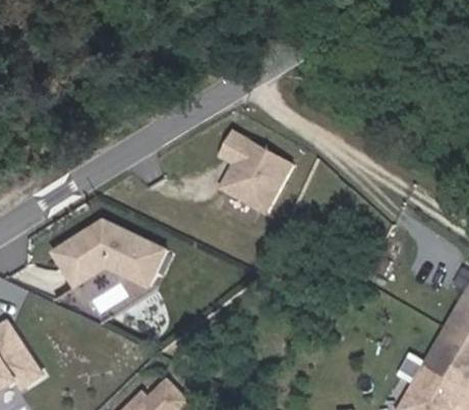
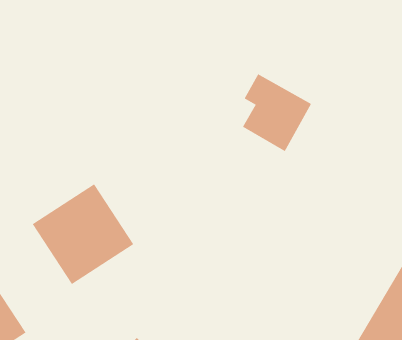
building: [218,129,295,216] -> [242,74,312,152]

